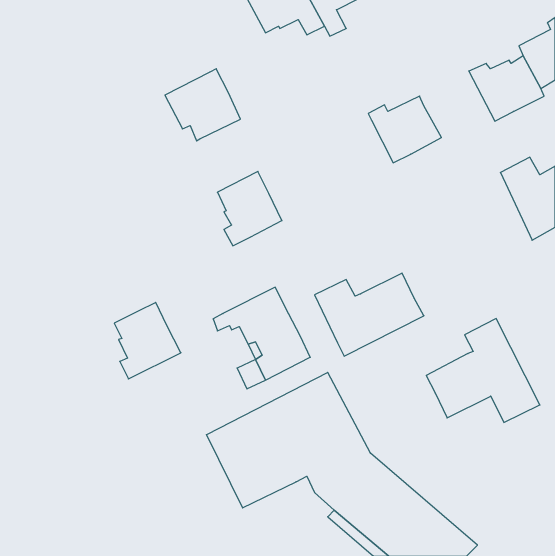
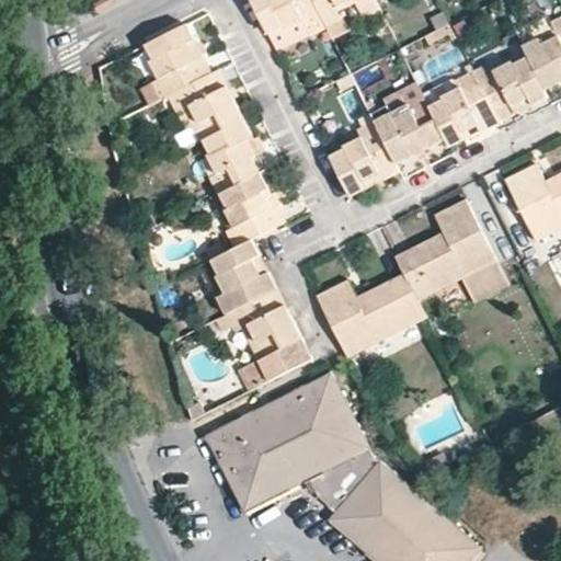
building: none -> [145,23,210,99]
building: none -> [425,71,496,147]
building: none -> [201,119,266,193]
building: none -> [328,121,399,196]
building: [114,302,181,379] -> [209,238,276,314]
building: [426,319,540,422] -> [394,199,508,304]

